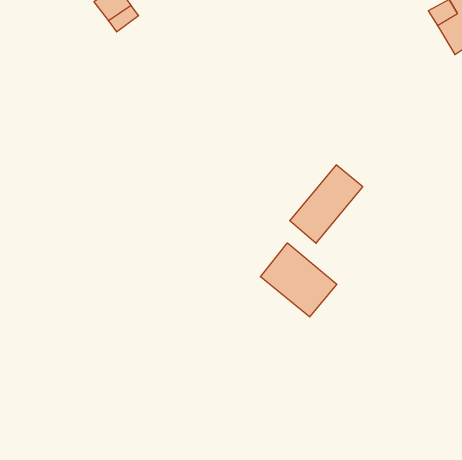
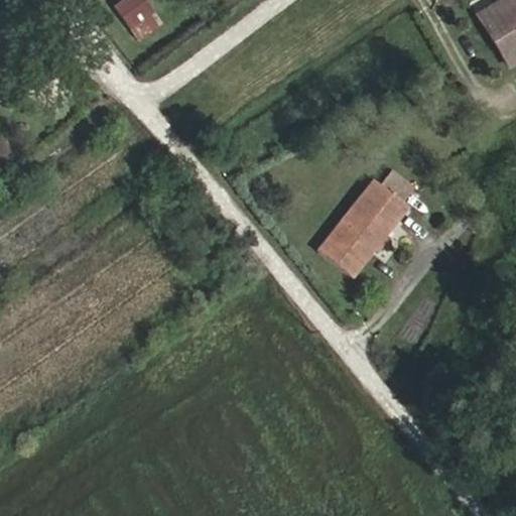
building: [260,243,337,317] -> none

